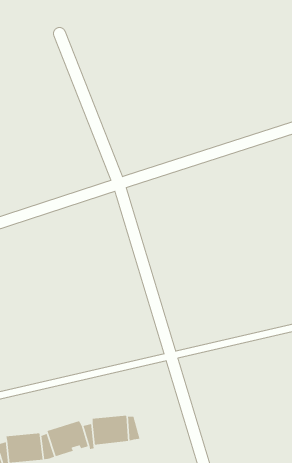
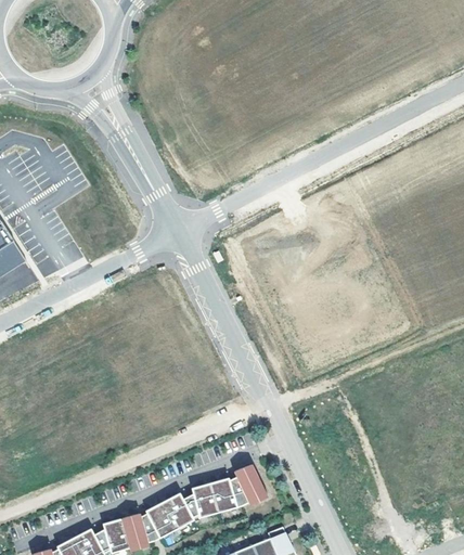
building: none -> [234,465,265,503]

